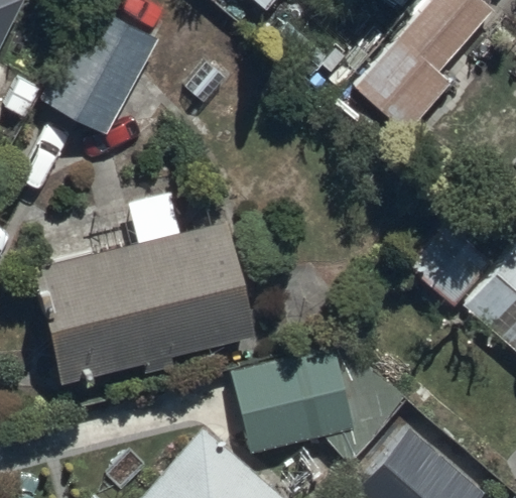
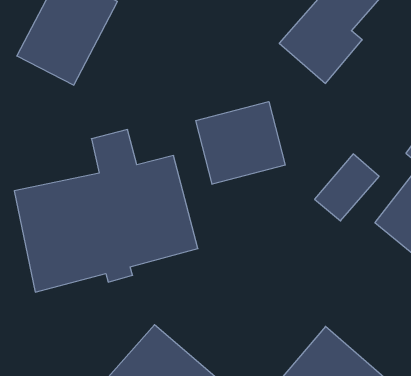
building: none -> [196,102,285,184]
building: [232,349,356,453] -> none

